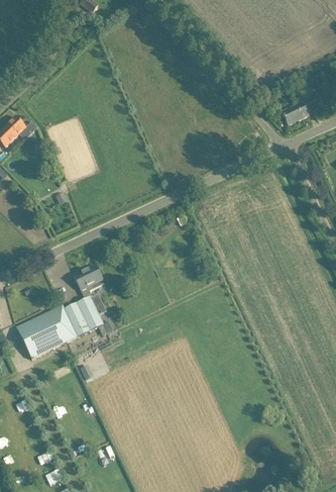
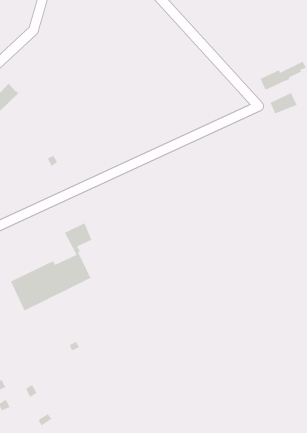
building: none -> [269,92,298,115]

